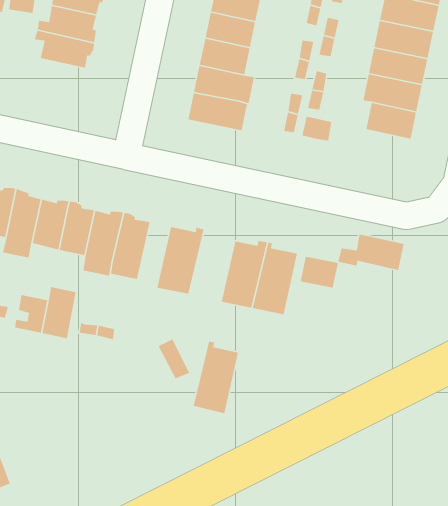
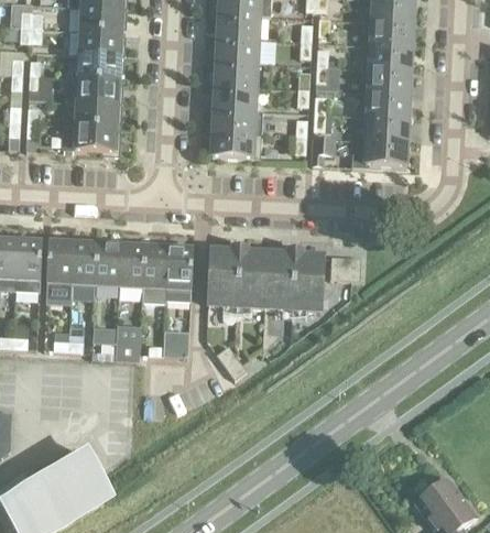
building: none -> [65,122,119,154]
building: [338,234,405,271] -> [351,139,406,167]
building: [193,341,239,414] -> [237,247,269,307]

